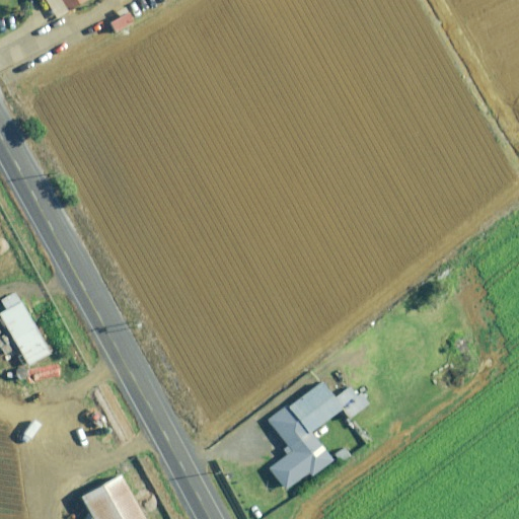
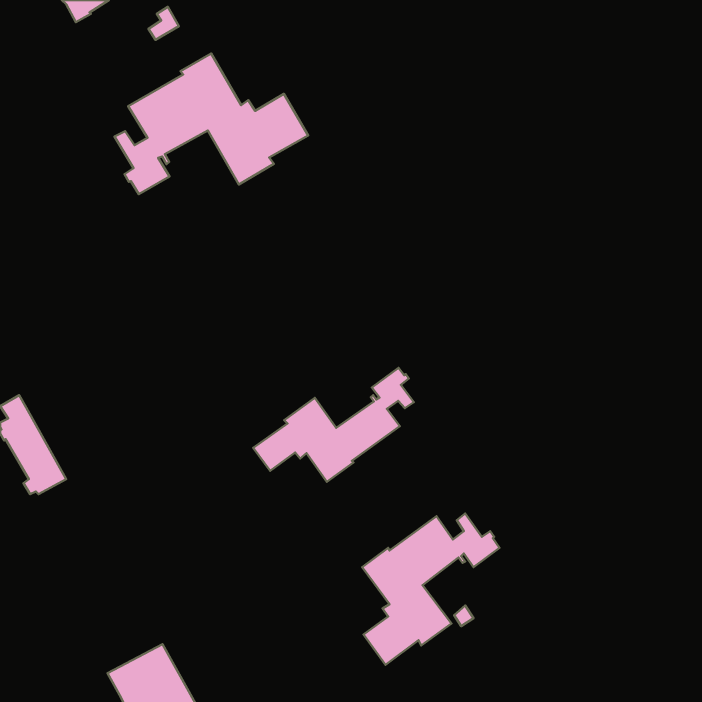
building: none -> [114,54,308,194]
building: none -> [253,368,414,482]

